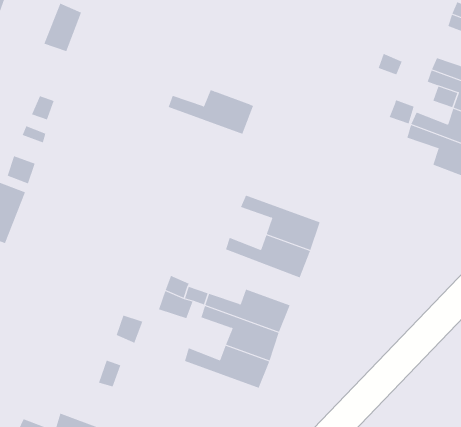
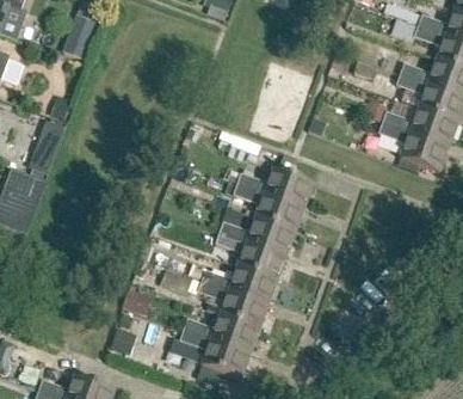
building: [168,90,254,135] -> [237,168,313,208]
building: none -> [215,232,285,281]
building: none -> [180,330,249,379]

